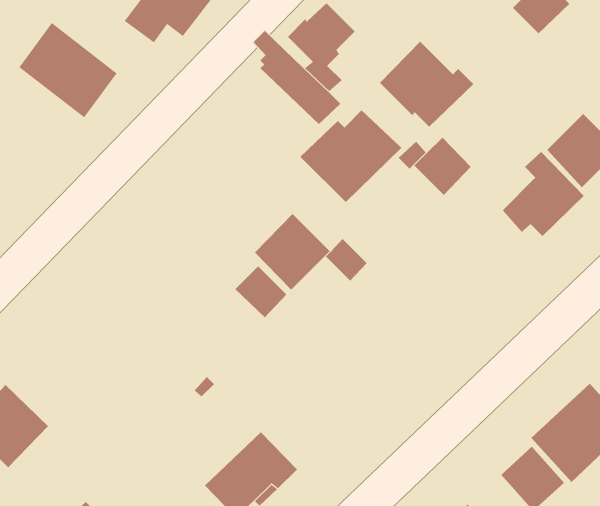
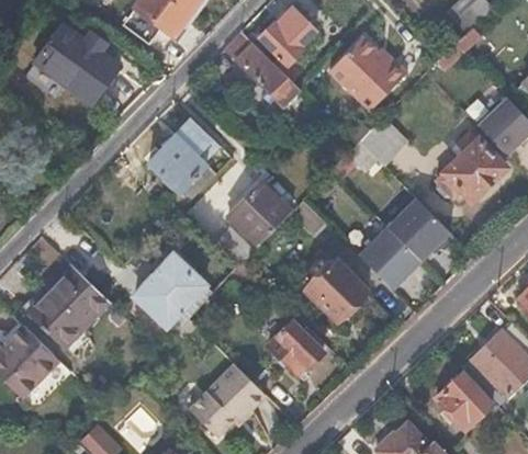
building: [300,110,402,203] -> [147,124,233,202]
building: none -> [355,196,450,290]
building: none -> [136,252,209,325]
building: none -> [305,261,368,318]
building: none -> [29,264,108,344]
building: none -> [268,322,323,372]

